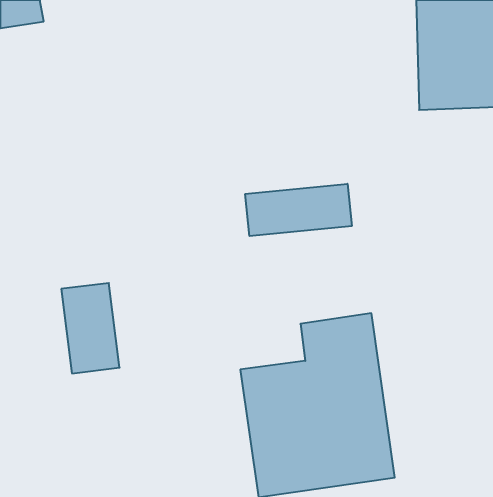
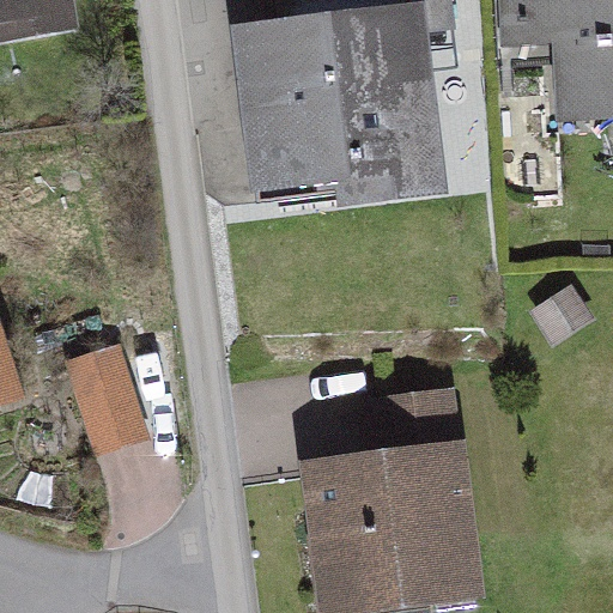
building: none -> [225,13,412,200]
building: [245,184,352,236] -> none

